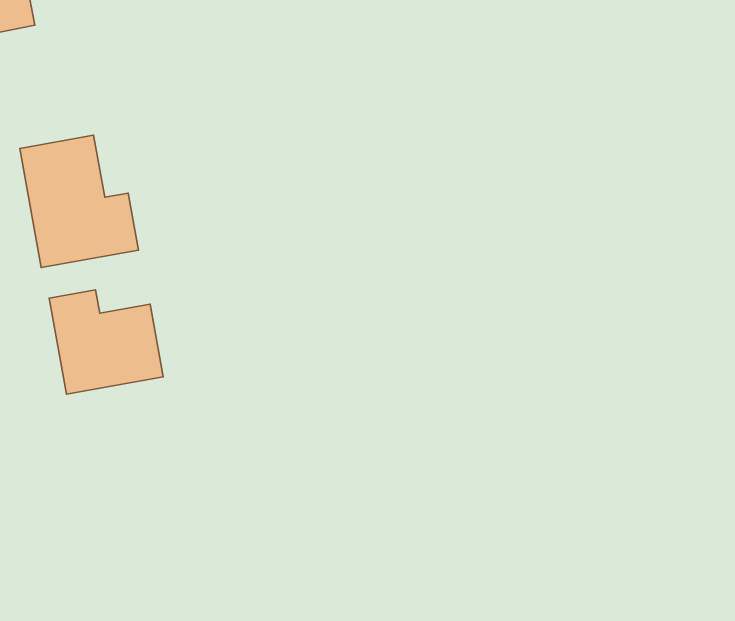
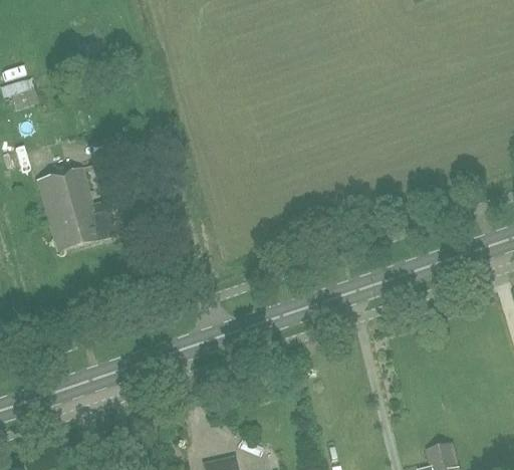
building: [49,290,163,394] -> none

